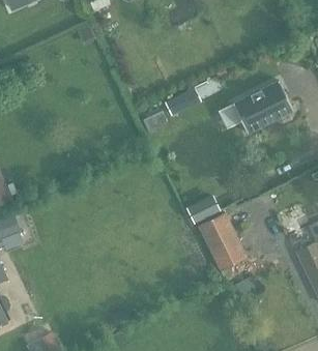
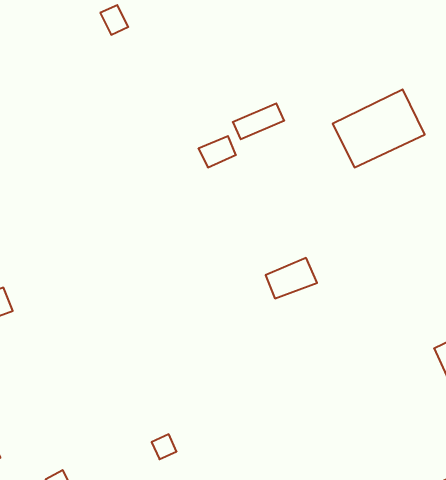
building: [197,213,244,271] -> none

